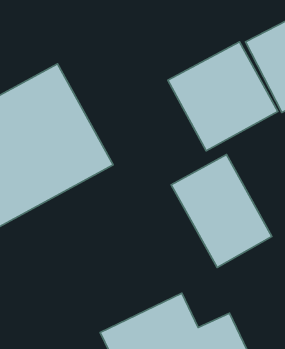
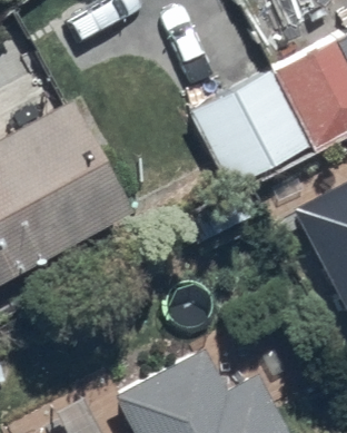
building: [171,154,272,268] -> none

